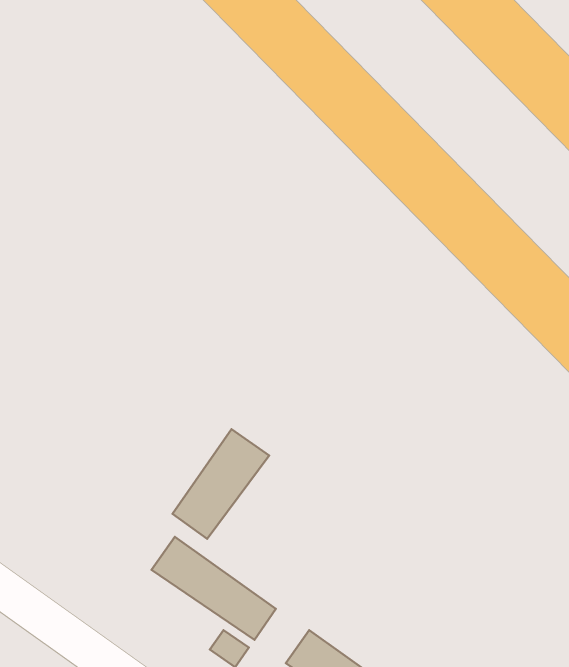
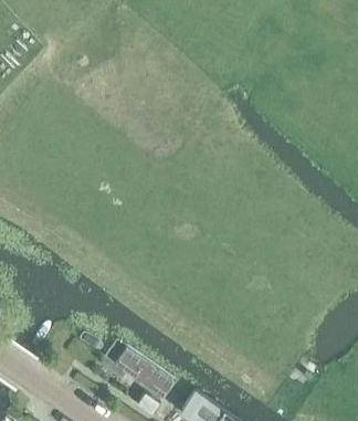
building: [172,429,269,539] -> none

